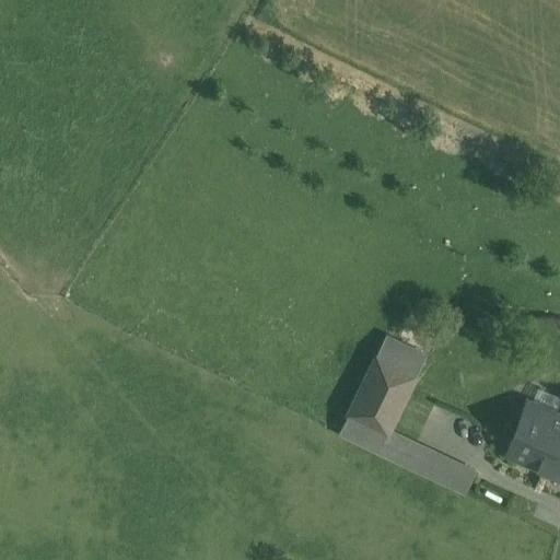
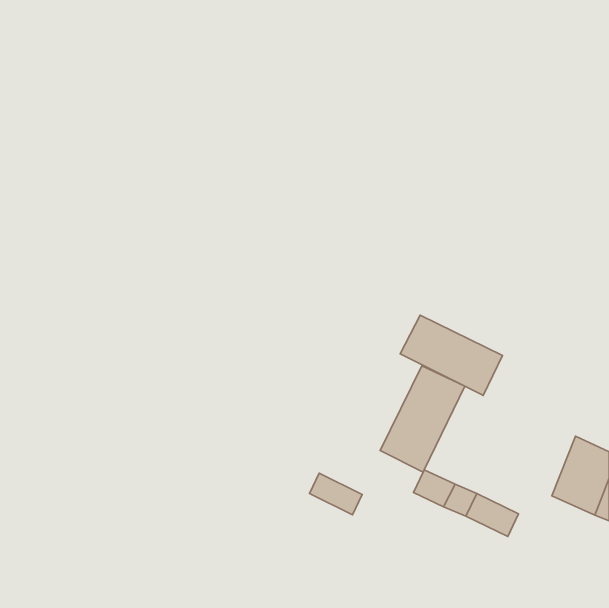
building: none -> [400,315,502,395]
building: [340,415,388,453] -> [310,473,362,515]

